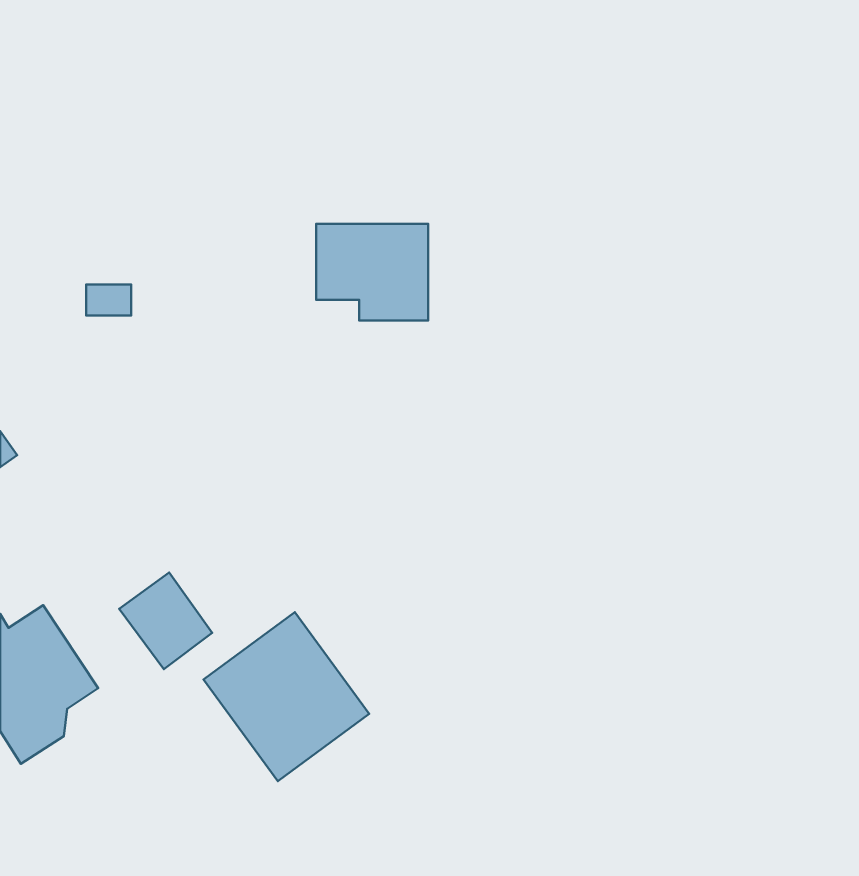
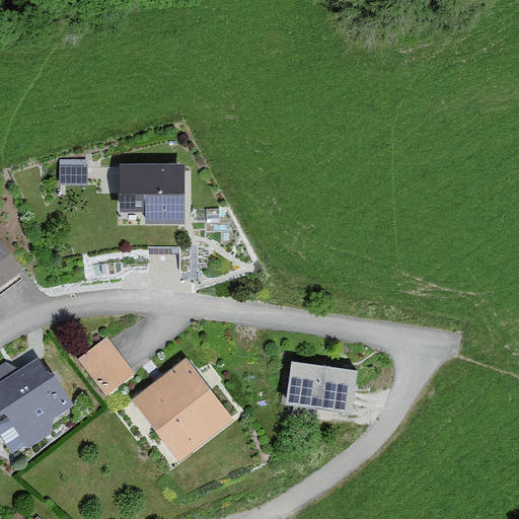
building: [316,224,428,320] -> [117,164,182,221]
building: none -> [285,362,354,412]

